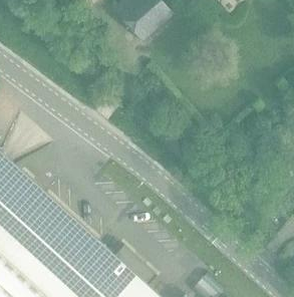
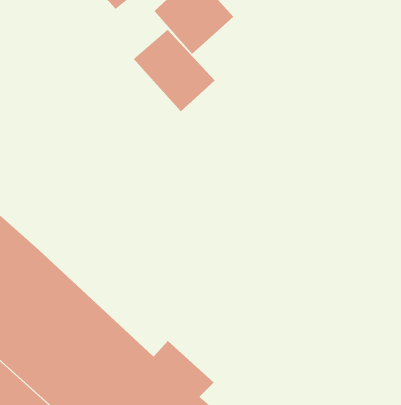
building: none -> [133,29,216,112]

